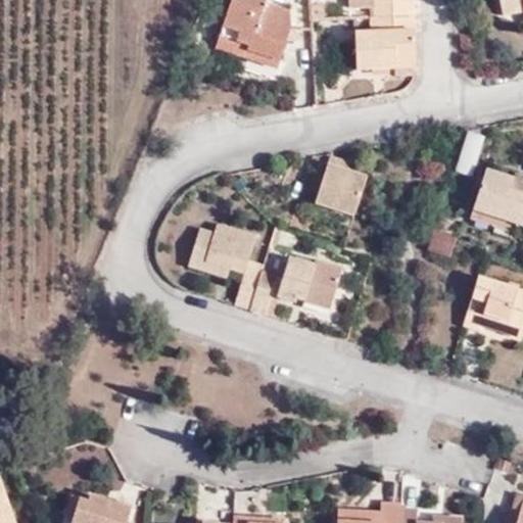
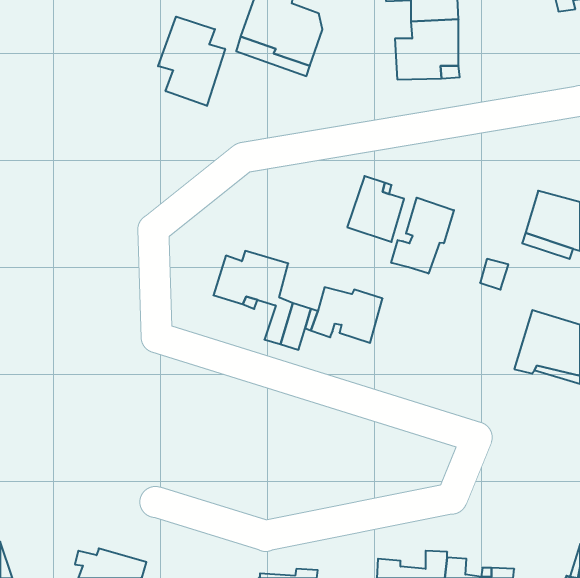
building: none -> [158,17,225,106]
building: none -> [391,198,454,274]

